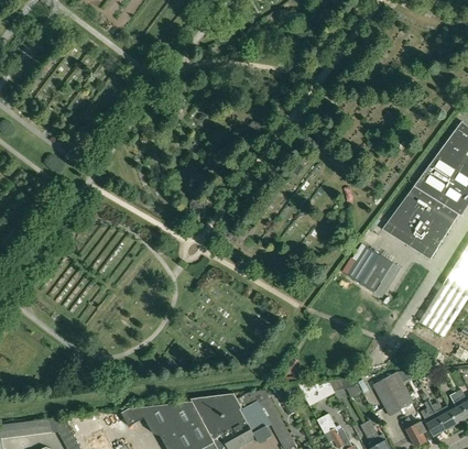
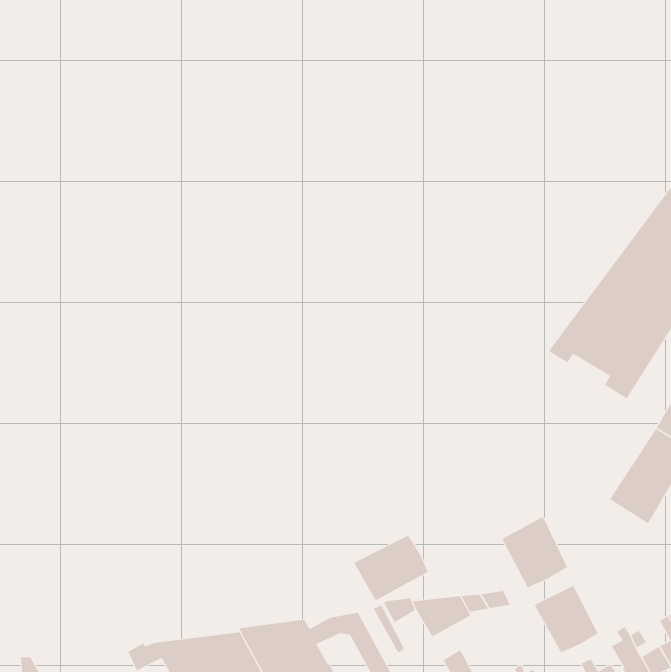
building: [348,247,399,296] -> none
building: none -> [502,516,568,588]
building: none -> [354,535,429,601]

